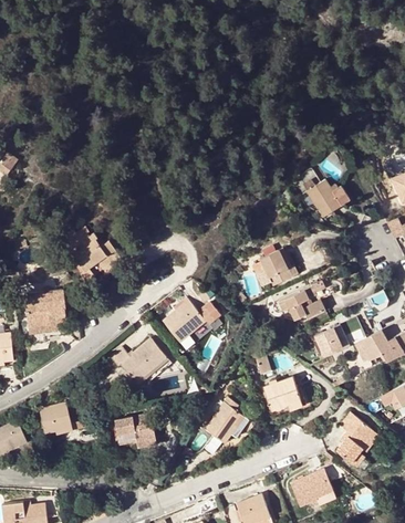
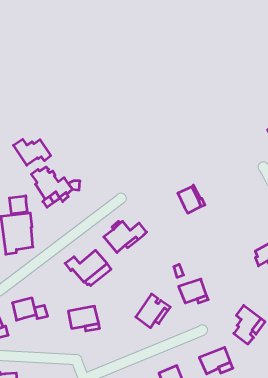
building: [305,182,346,220] -> none
building: none -> [13,139,51,165]
building: none -> [9,196,27,214]
building: [279,281,334,321] -> none
building: [315,325,351,358] -> none

